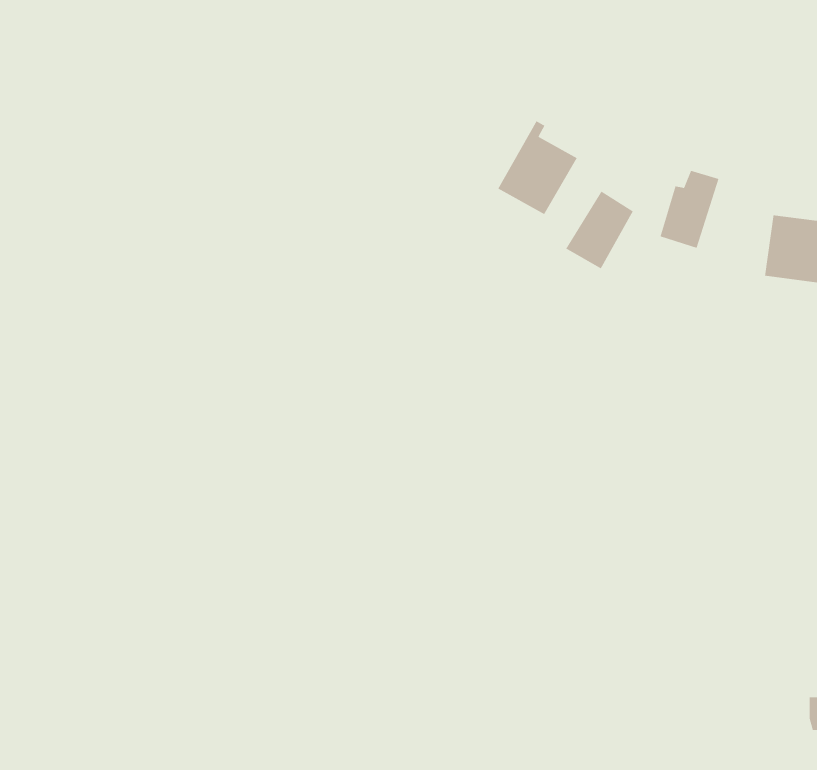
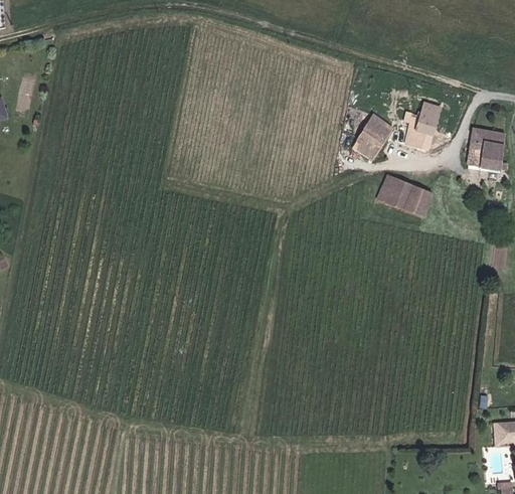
building: [497,120,578,215] -> none
building: none -> [379,175,435,215]

